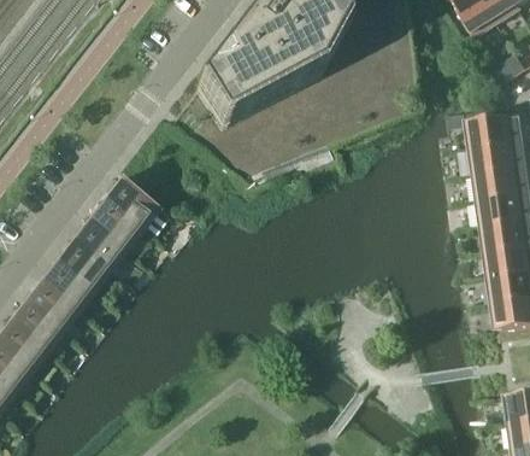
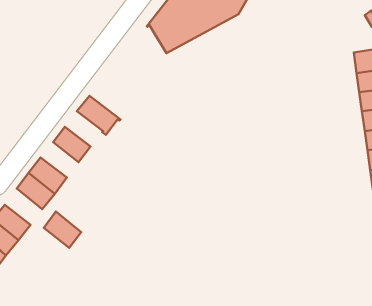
building: [88,197,139,244] -> none
building: [55,238,106,285] -> none
building: [8,299,58,347] -> [44,211,81,248]

